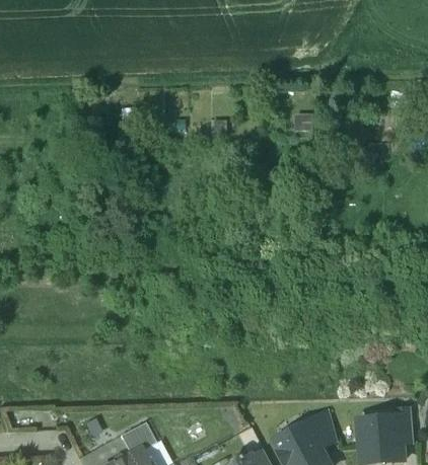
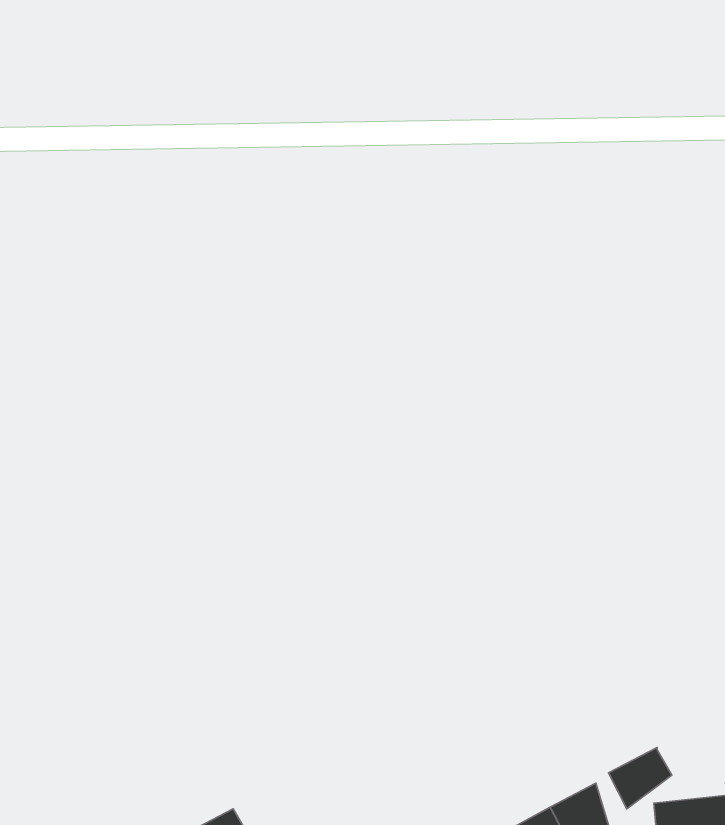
building: none -> [608,748,672,809]

